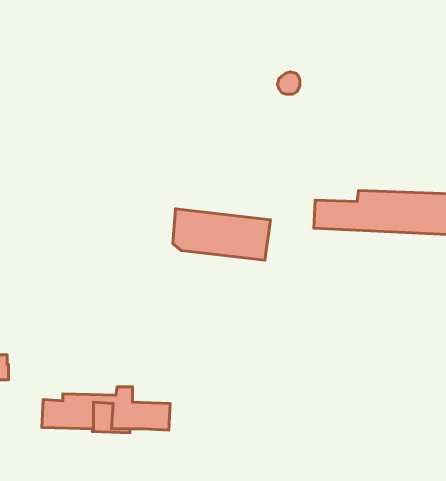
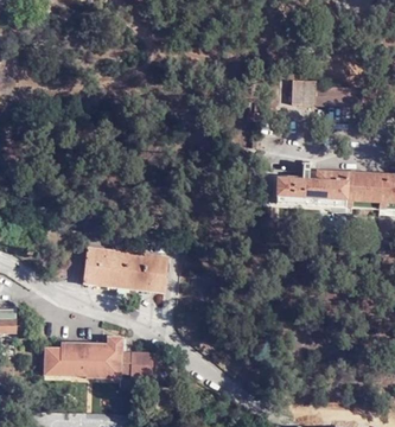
building: none -> [289,79,358,104]
building: [173,209,270,260] -> [84,247,167,291]

